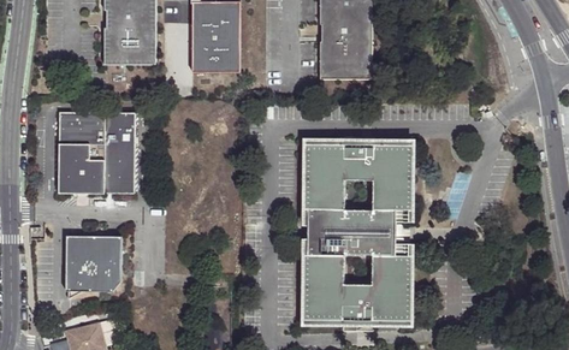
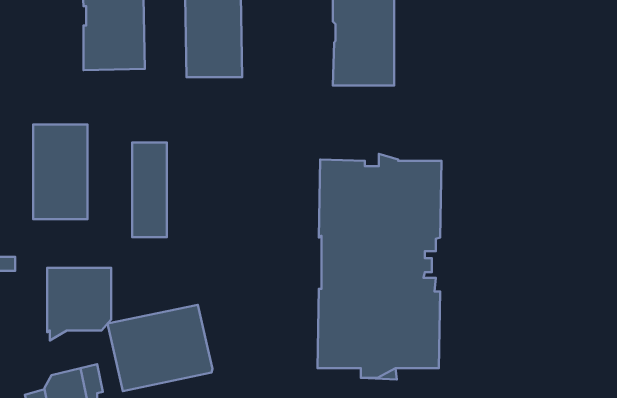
building: [106,112,136,194] -> [132,143,167,237]
building: none -> [108,305,212,391]

